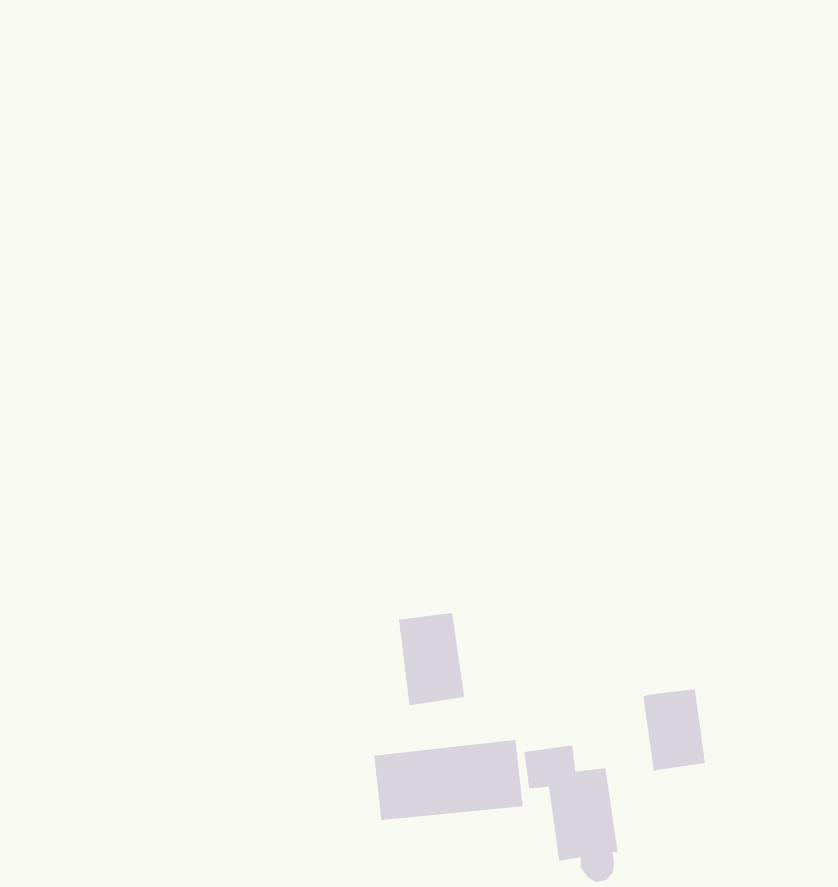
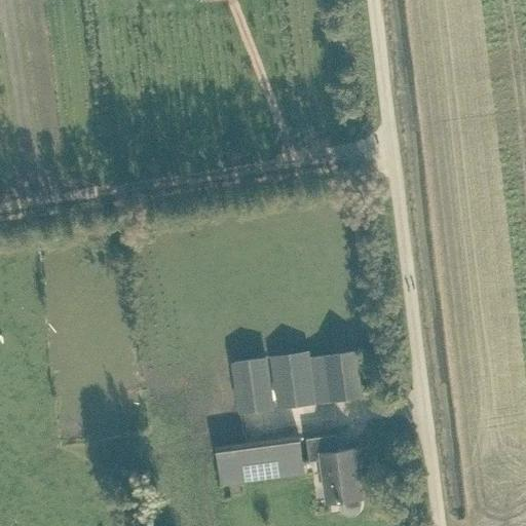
building: none -> [270,353,314,409]
building: [642,689,706,772] -> [324,353,361,402]

